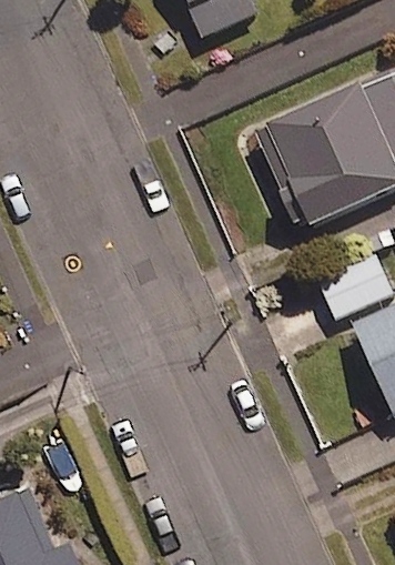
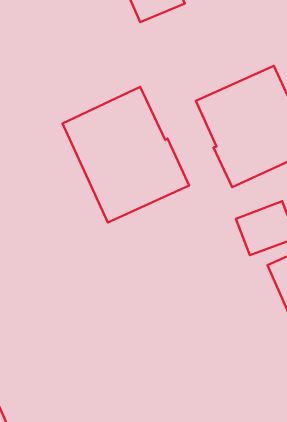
building: none -> [62,87,189,223]

